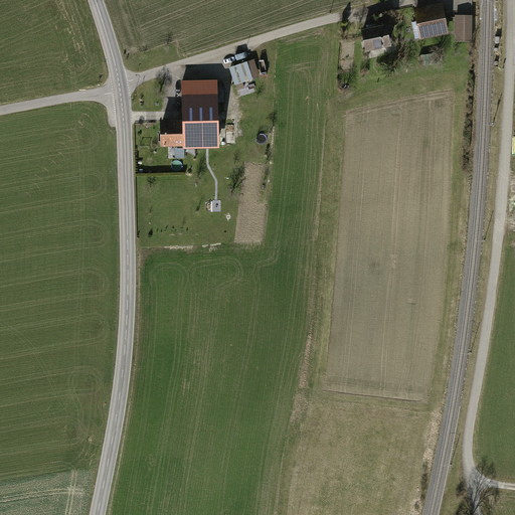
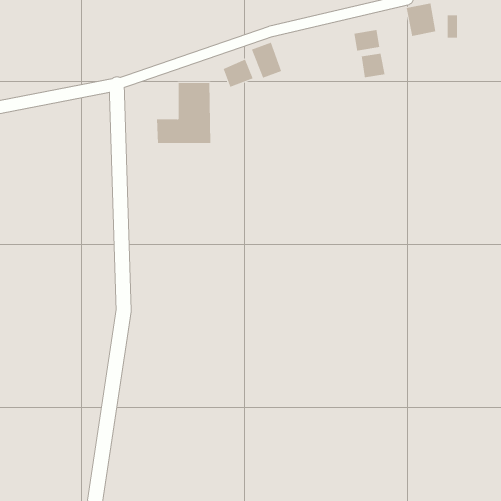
building: none -> [251,42,282,79]
building: none -> [361,53,385,78]

